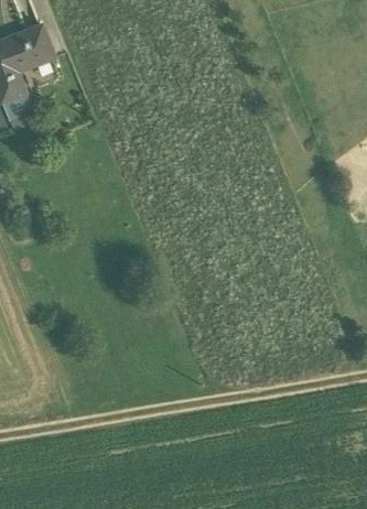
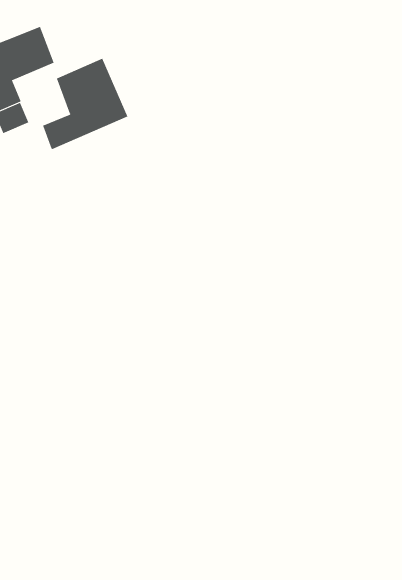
building: none -> [42,58,128,150]

